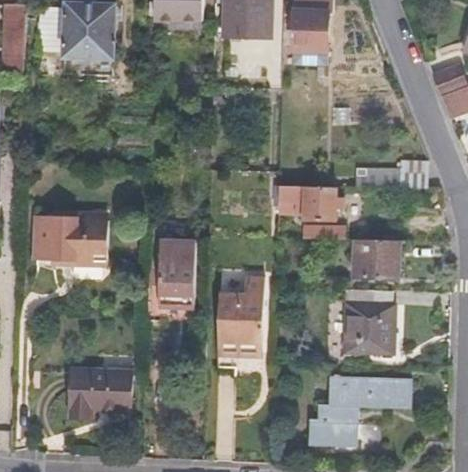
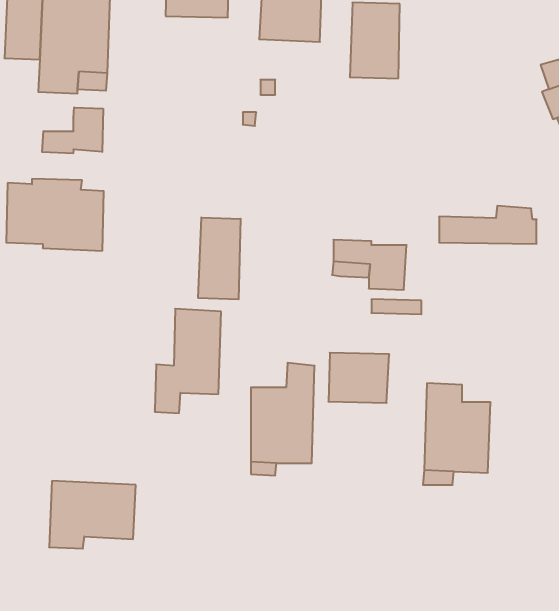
building: none -> [42,107,103,153]
building: none -> [198,217,241,299]
building: [38,202,110,255] -> [6,179,104,251]
building: [353,240,398,277] -> [328,353,389,403]
building: [308,376,411,447] -> none

